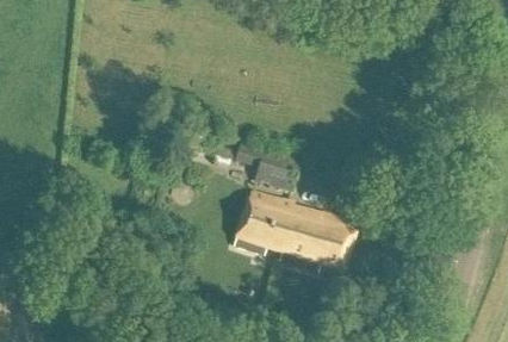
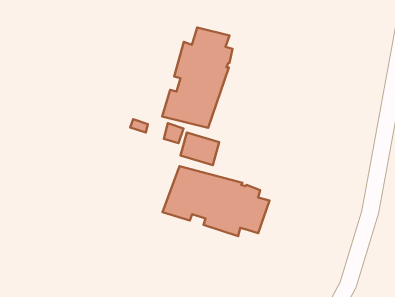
building: none -> [162,27,233,128]

